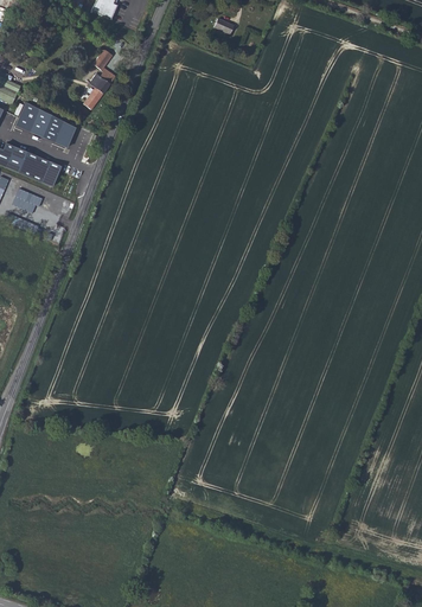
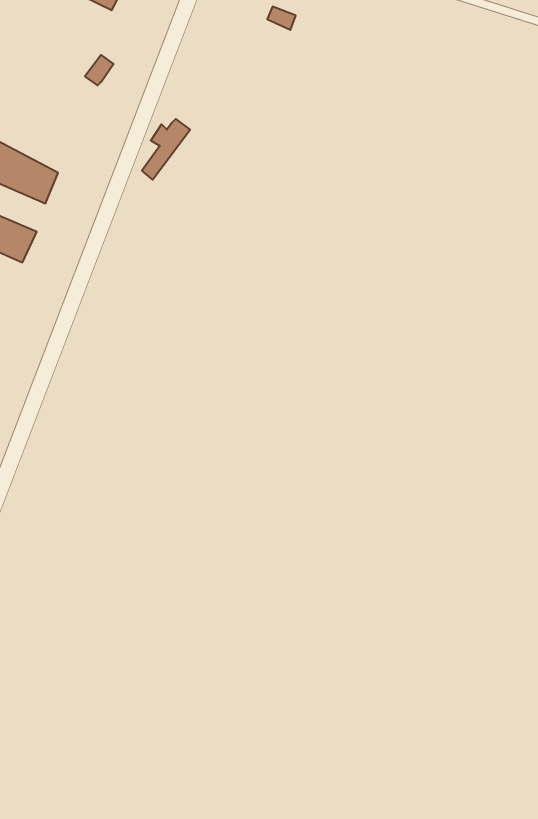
building: [83,69,115,109] -> [142,119,190,180]

